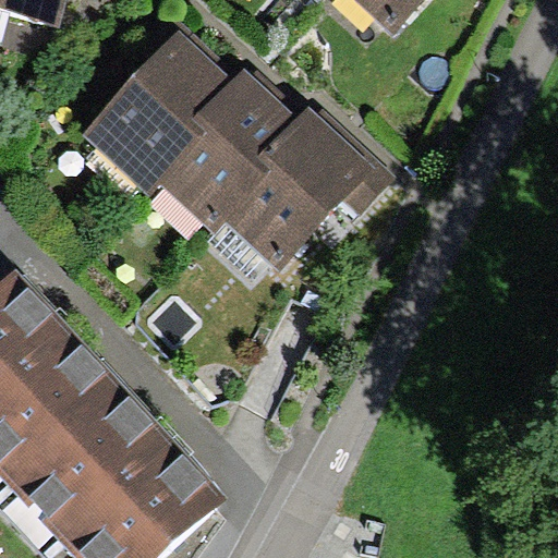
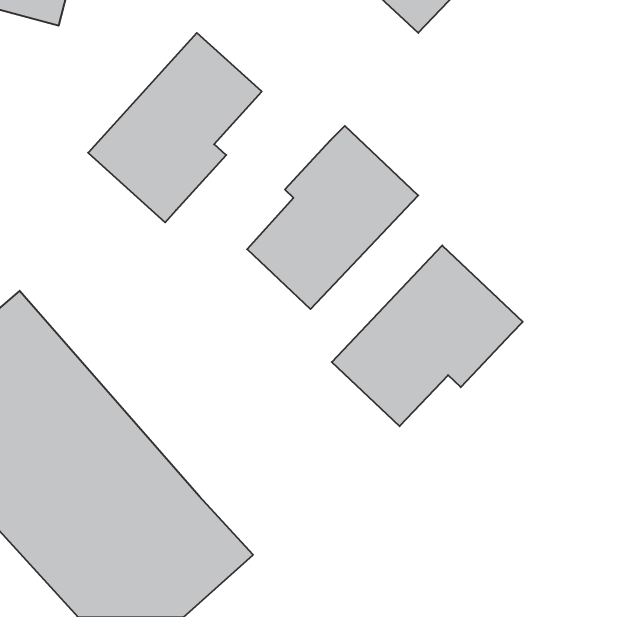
building: [157,75,294,235] -> none
building: none -> [332,245,523,426]

